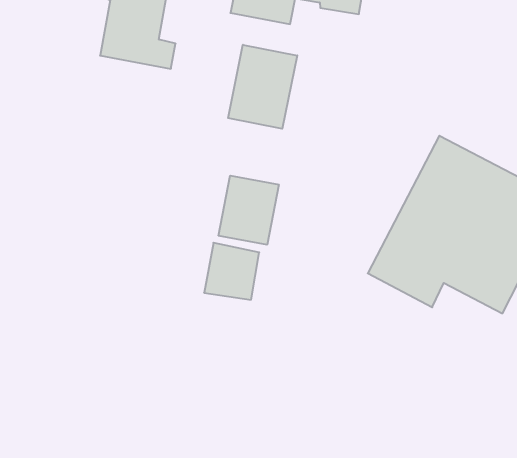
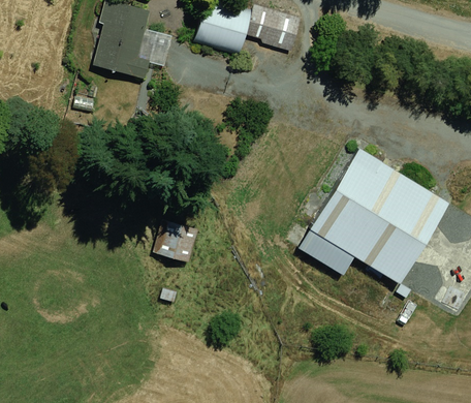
building: [228,45,297,129] -> none
building: [219,176,279,245] -> none

